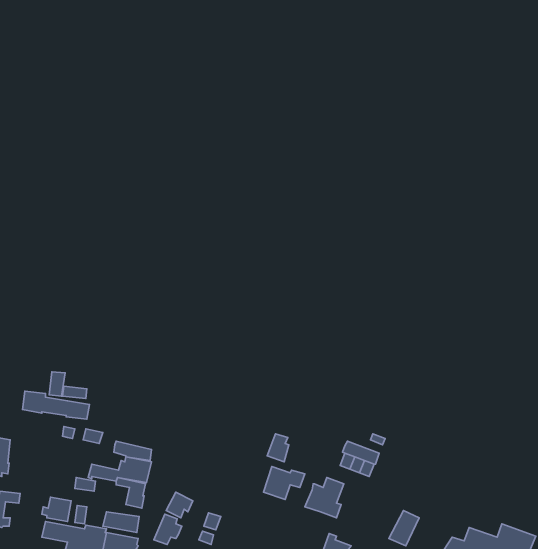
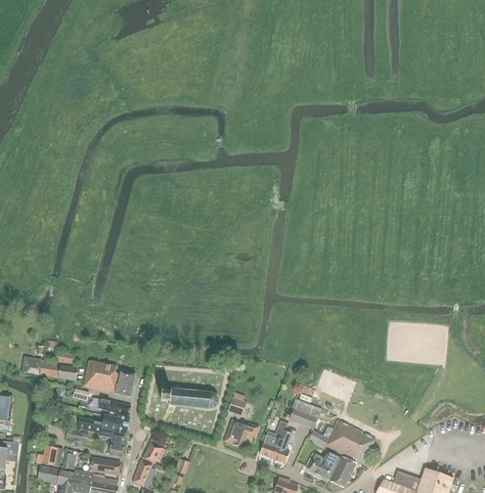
building: none -> [84,360,135,396]
building: none -> [161,388,218,408]
building: none -> [308,419,374,463]
building: none -> [307,451,340,479]

